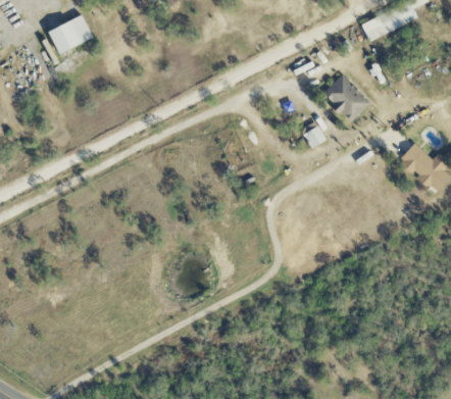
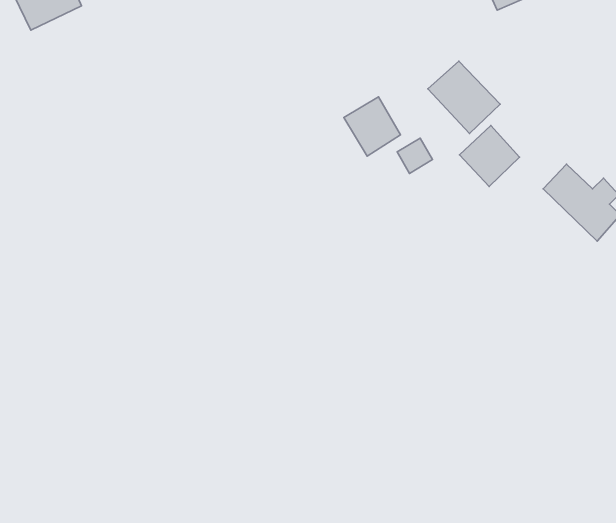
building: none -> [344,97,400,156]
building: none -> [459,126,519,187]

